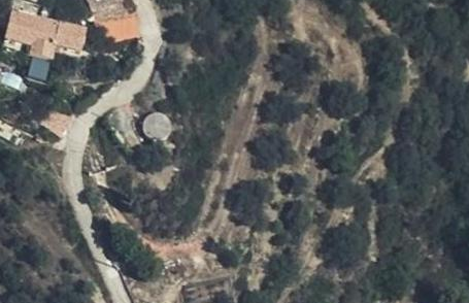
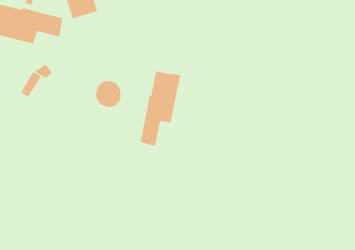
building: none -> [140,71,181,147]

